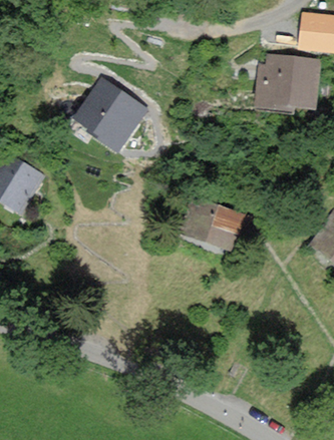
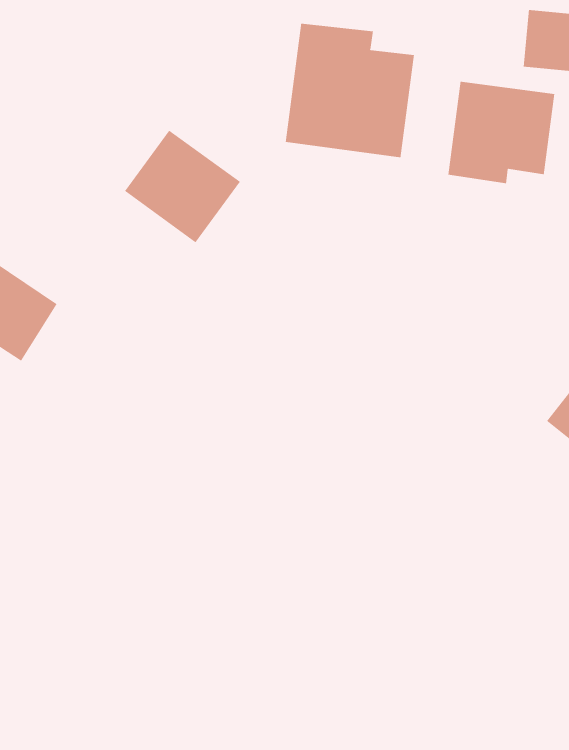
building: none -> [285,23,415,158]
building: [182,198,241,248] -> none

